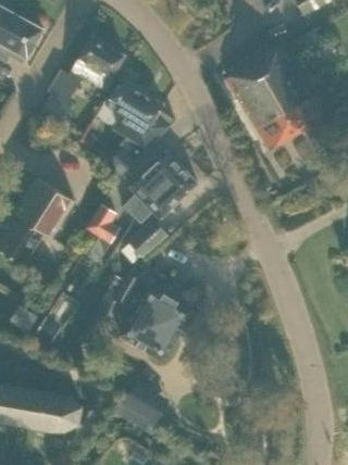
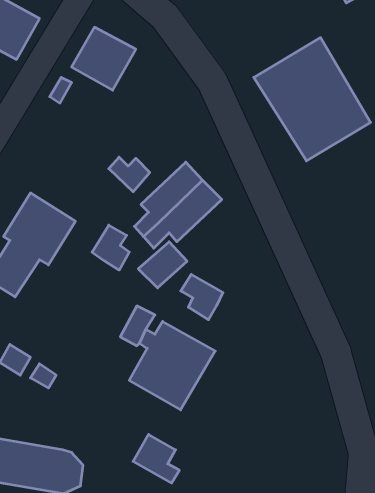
building: [105,79,165,148] -> none
building: none -> [181,274,223,320]

